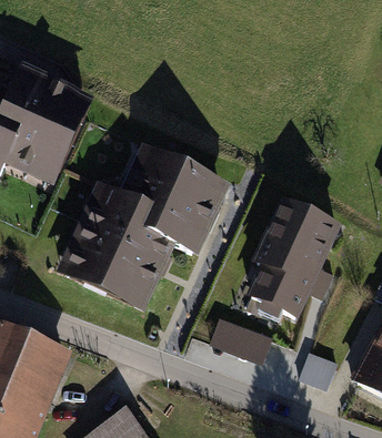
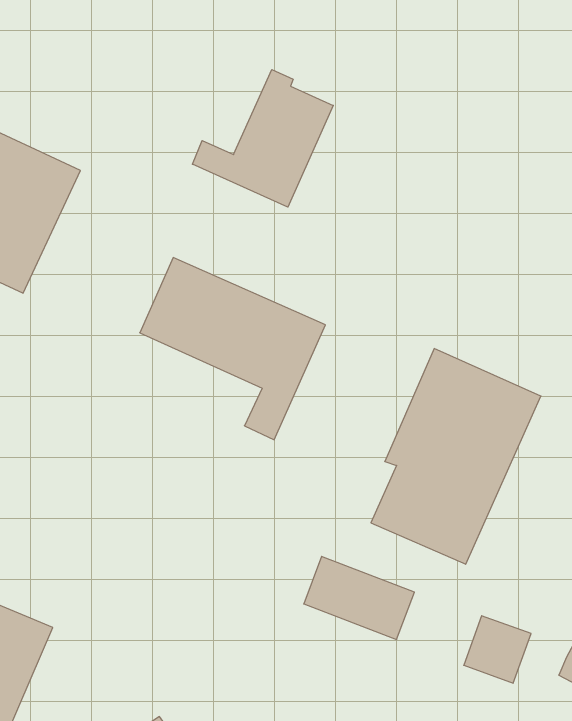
building: none -> [192,70,333,207]
building: [71,190,187,303] -> none

